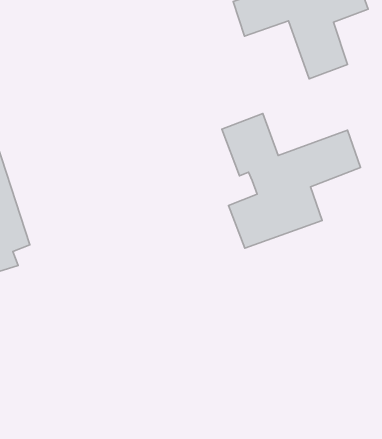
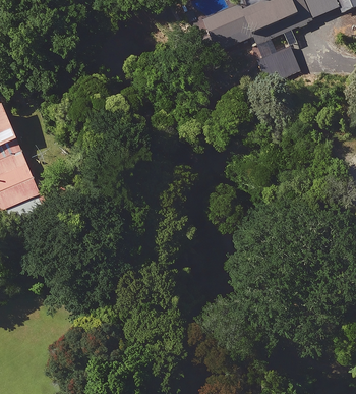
building: [222,114,361,248] -> none

